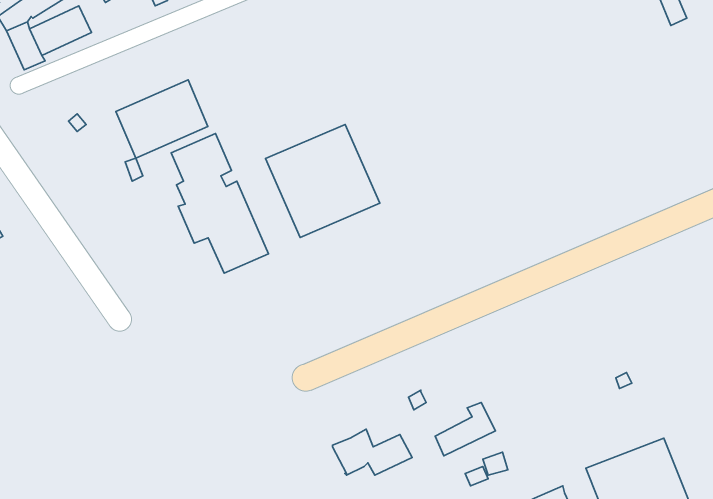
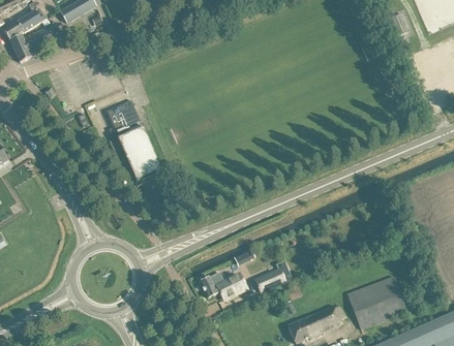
building: [116,80,208,158] -> none
building: [266,124,380,237] -> none

